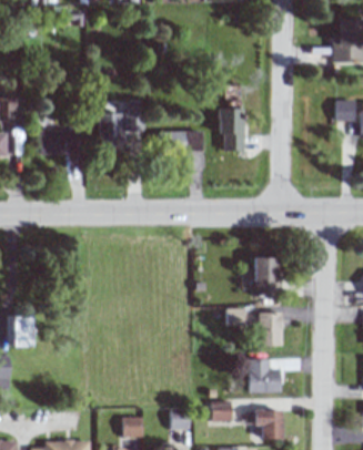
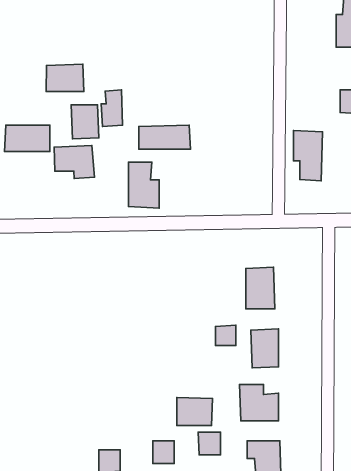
building: none -> [46,64,84,92]
building: [219,108,244,152] -> [293,130,322,181]
building: none -> [54,146,95,178]
building: none -> [129,162,159,208]
building: none -> [177,397,213,426]

